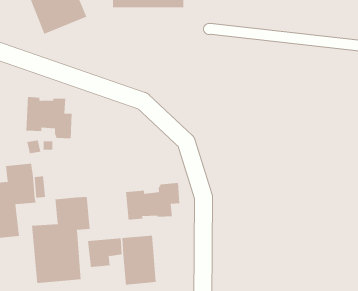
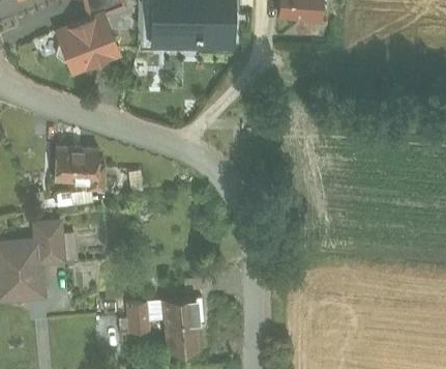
building: [125,182,180,221] -> none
building: [32,196,90,284] -> none

